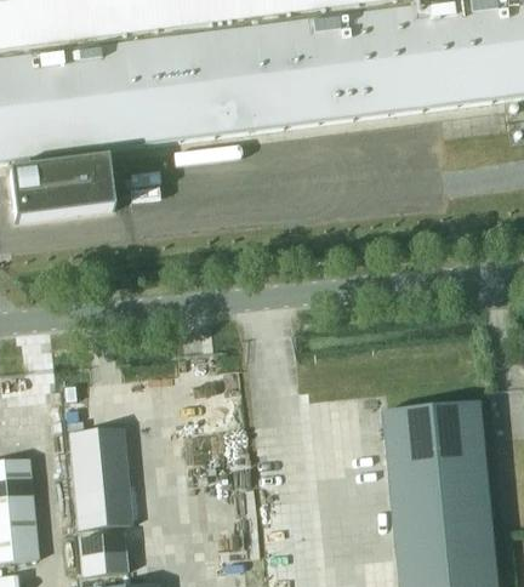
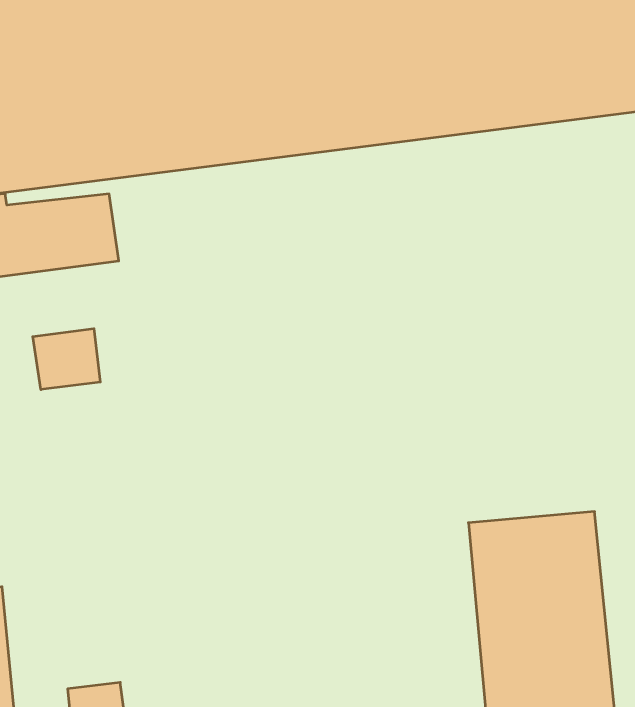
building: none -> [33,329,100,390]
building: [68,426,129,526] -> none

